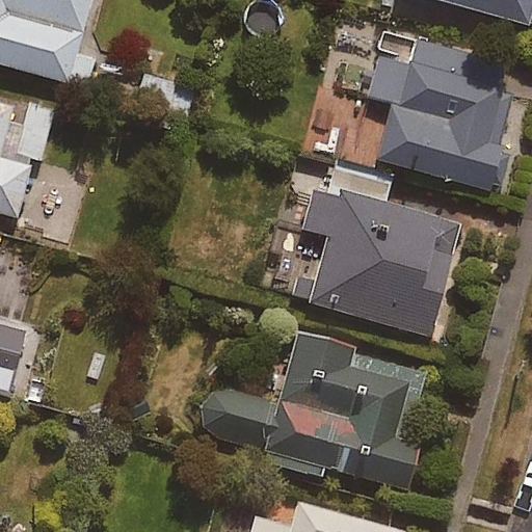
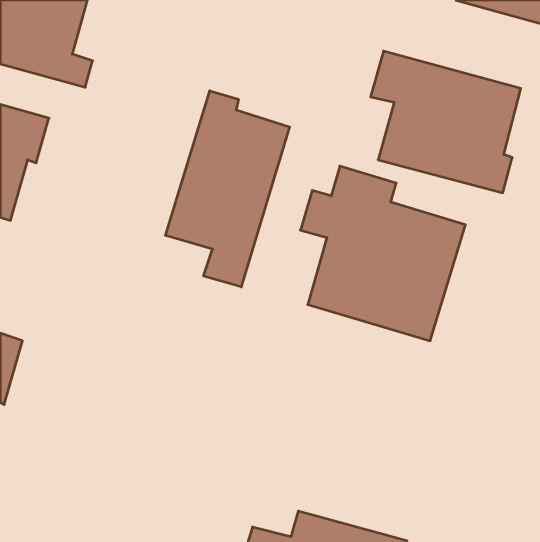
building: none -> [165,91,290,287]
building: [194,331,419,489] -> none

